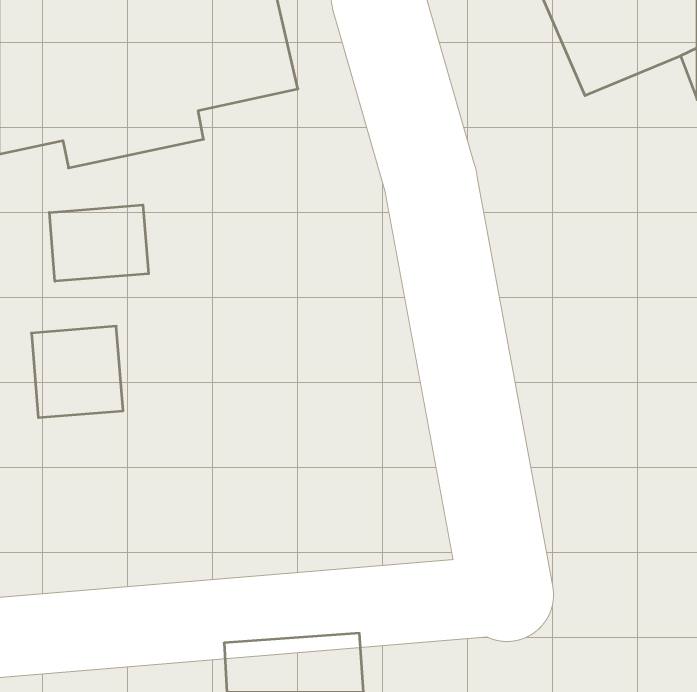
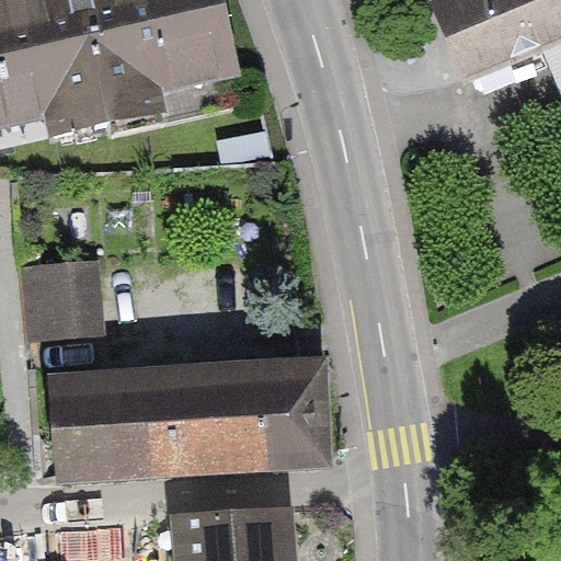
building: [49,205,149,281] -> none
building: none -> [54,368,323,476]

